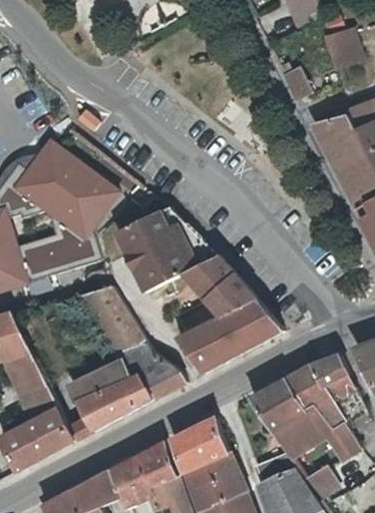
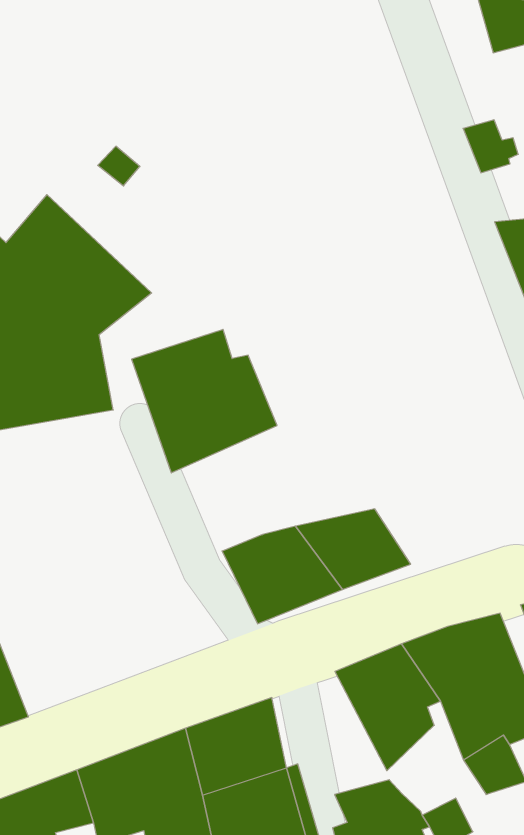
building: [178,254,259,317] -> none
building: [64,288,185,432] -> none
building: [283,407,326,462] -> none

